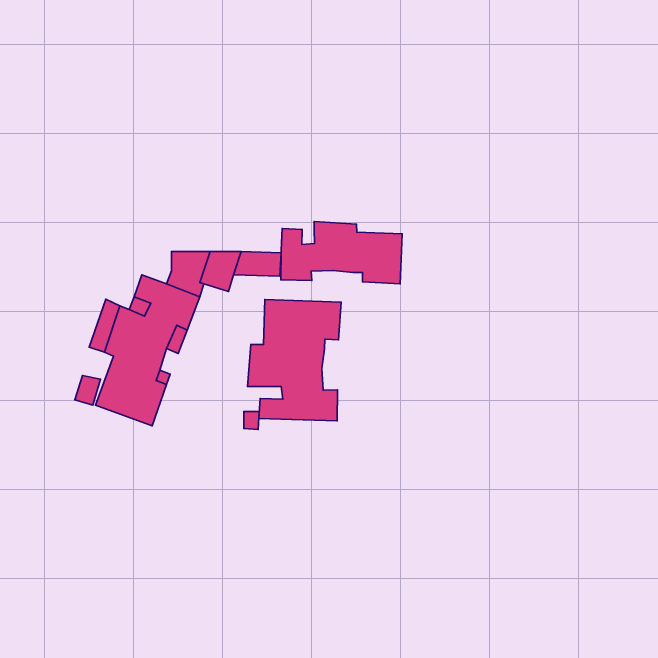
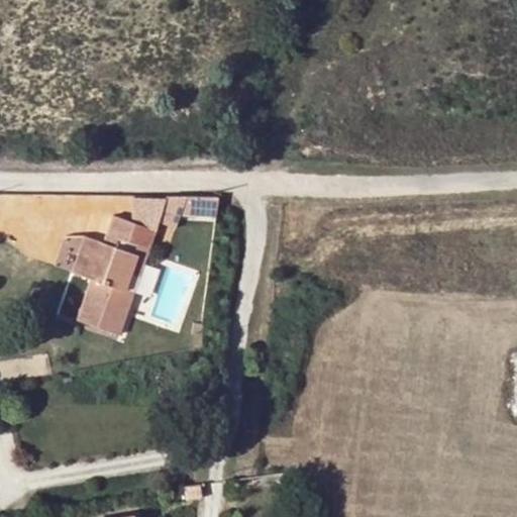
building: [281,221,402,284] -> none
building: [248,299,341,421] -> none

